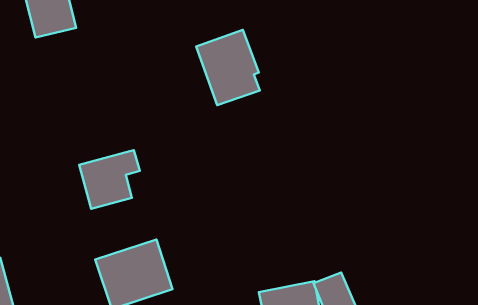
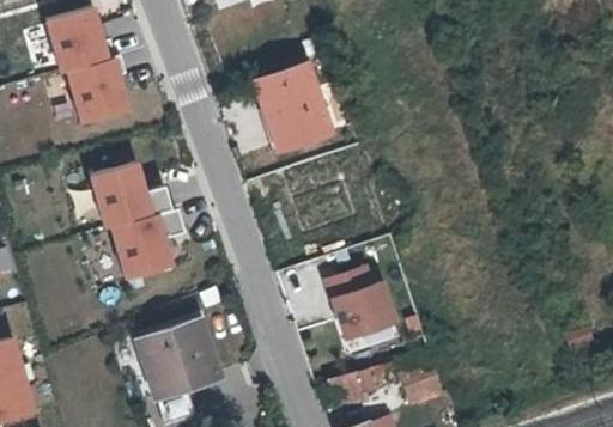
building: none -> [67,57,129,123]
building: none -> [90,160,171,225]
building: none -> [321,262,399,343]

